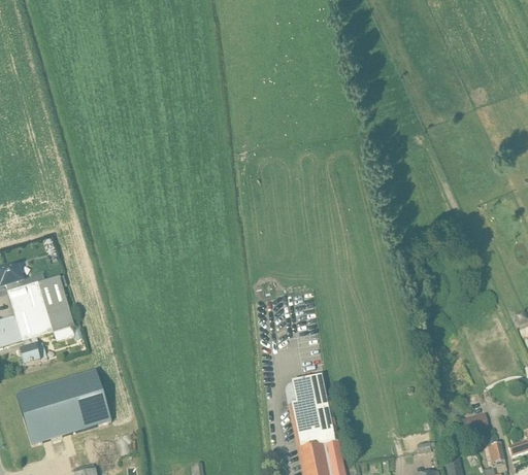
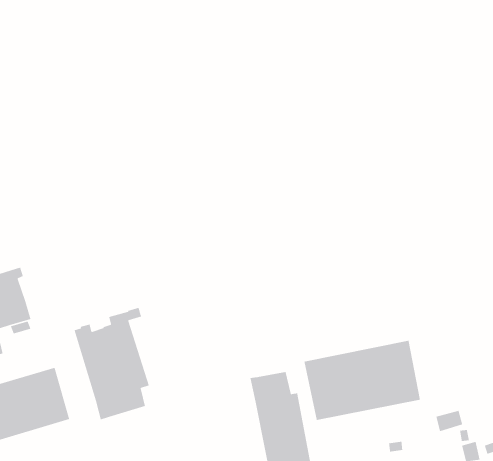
building: none -> [73,307,150,421]
building: none -> [303,340,421,421]

